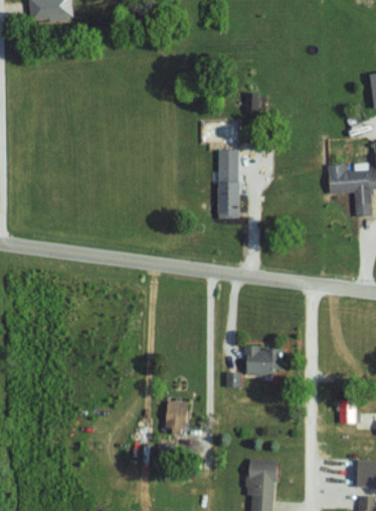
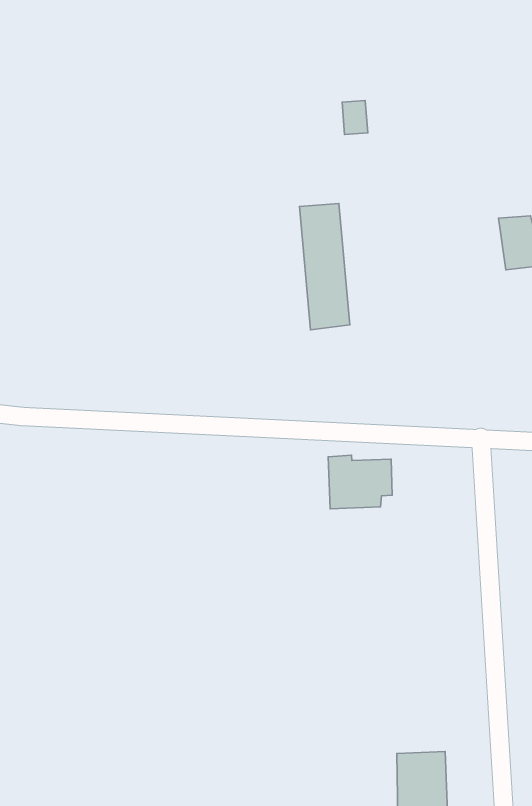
building: [245,345,281,375] -> [328,455,392,509]
building: [164,400,189,434] -> none

